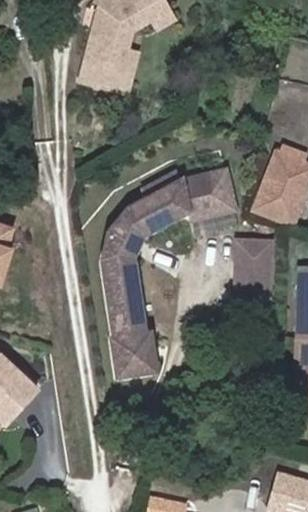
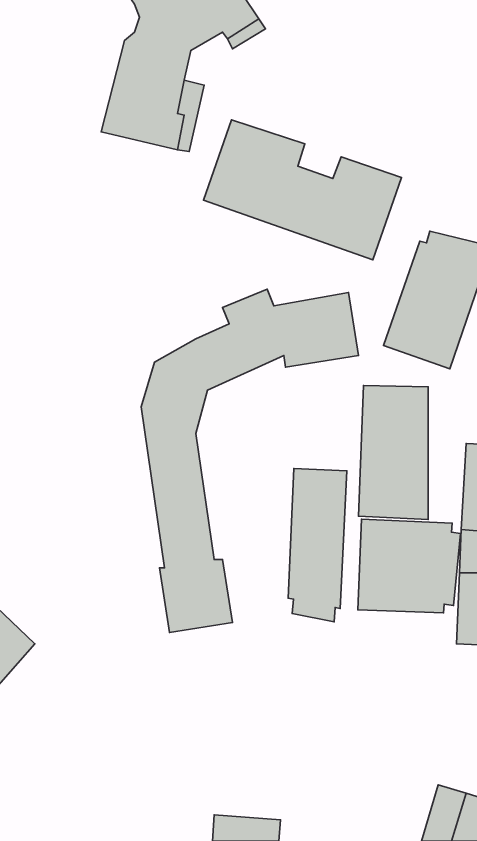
building: none -> [204,120,402,260]
building: none -> [288,468,347,622]
building: none -> [358,519,461,613]

